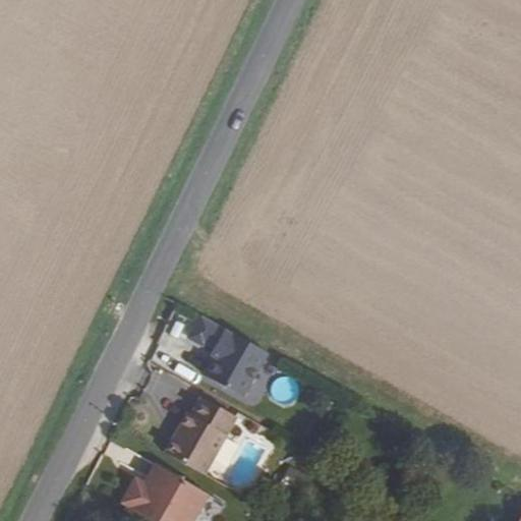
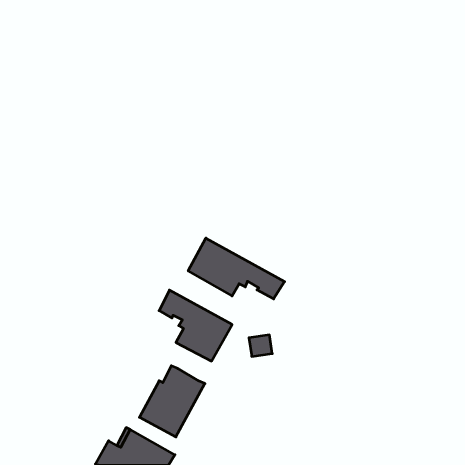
building: none -> [188,238,285,299]

